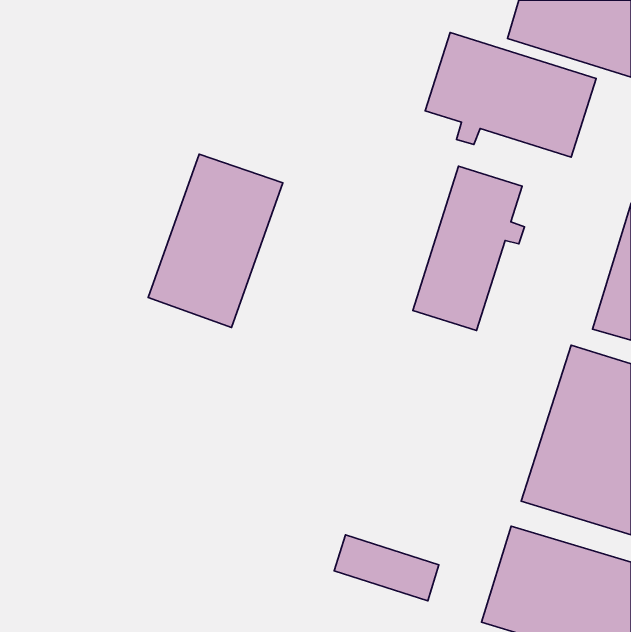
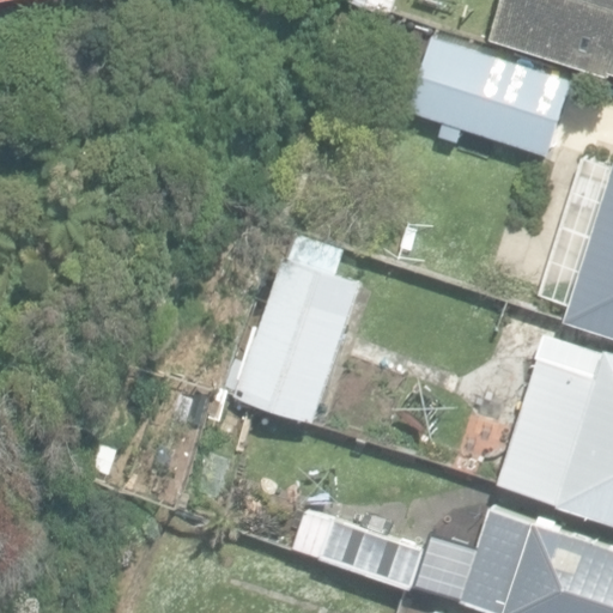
building: [148,154,283,327] -> [235,257,364,424]
building: [413,166,525,330] -> none

